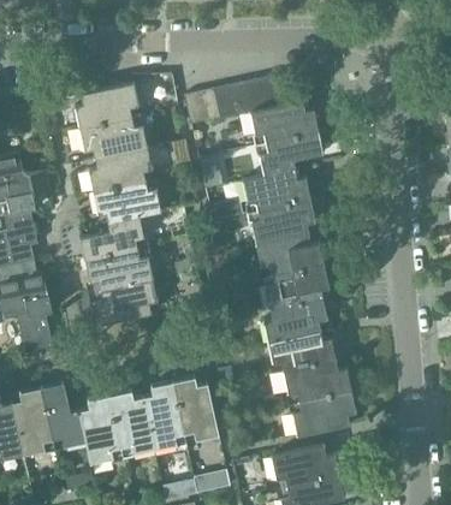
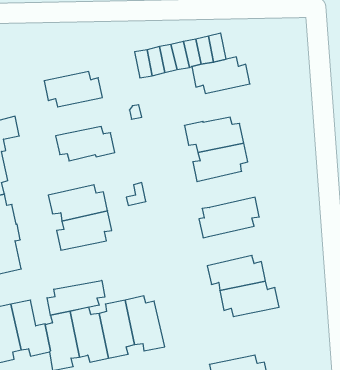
building: [75,84,138,130] -> none
building: [259,133,322,178] -> none
building: [88,149,152,194] -> none
building: [79,215,143,262] -> none
building: [256,234,324,277] -> none
building: [263,298,327,344] -> none
building: none -> [47,280,105,315]
building: [292,392,356,438] -> none

